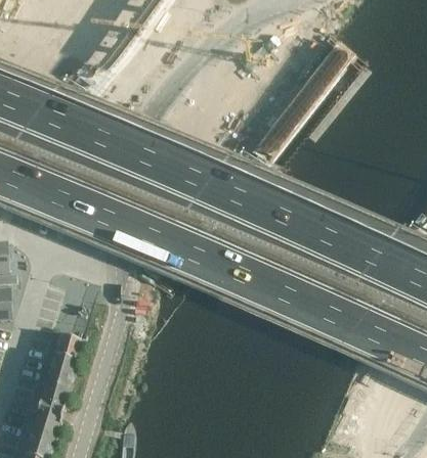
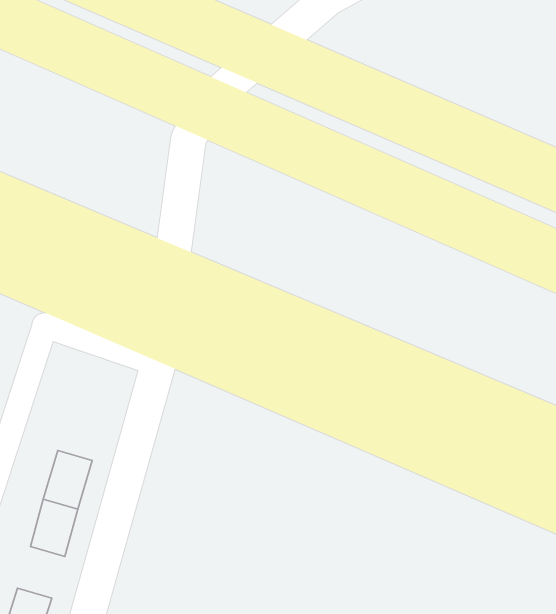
building: [29,400,62,437] -> none

